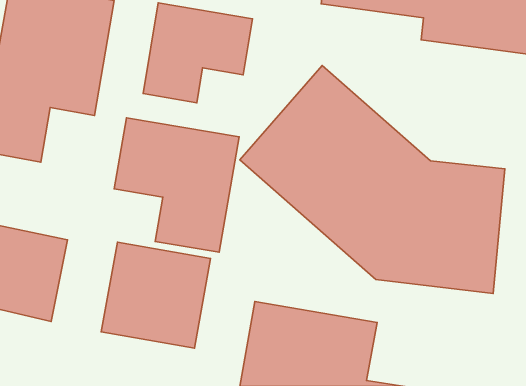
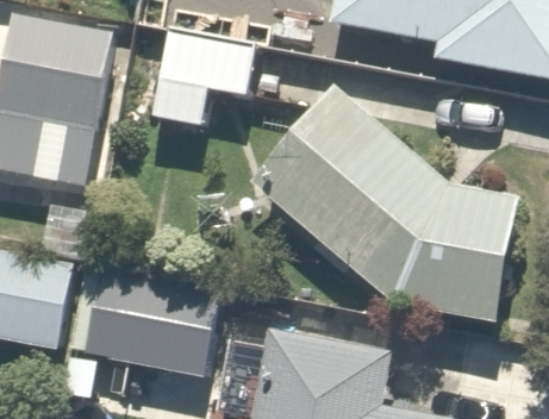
building: [114,118,239,252] -> none

